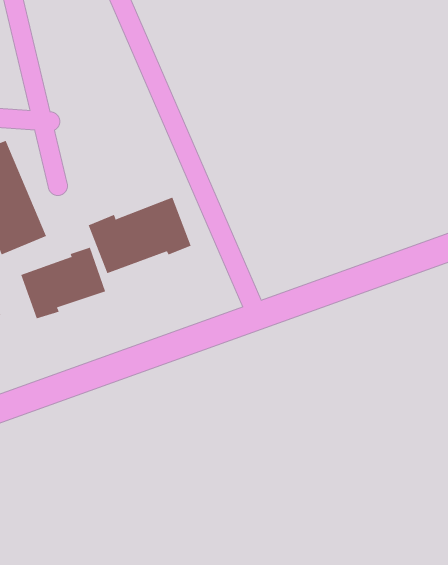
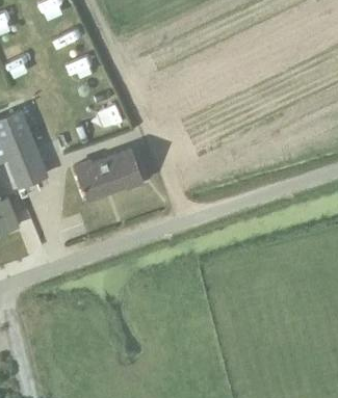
building: [21,247,106,319] -> none

